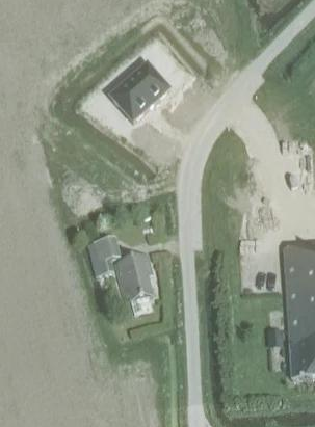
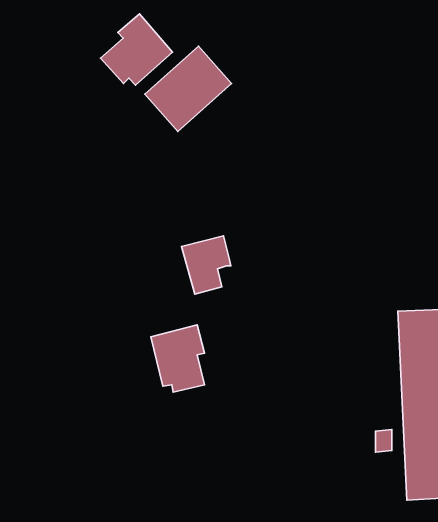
building: none -> [101,14,173,85]
building: [85,231,120,271] -> [181,236,231,294]

